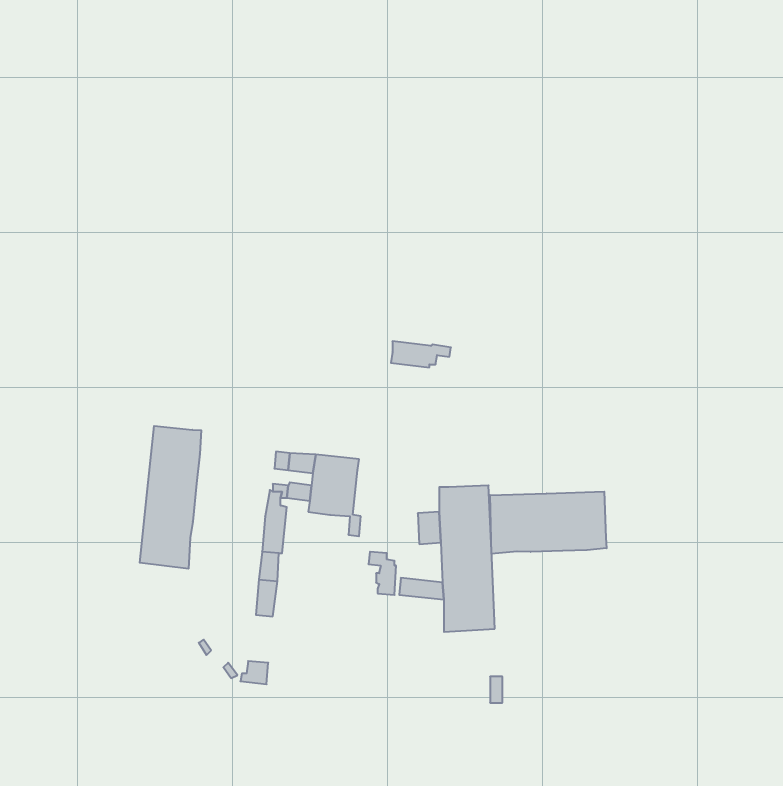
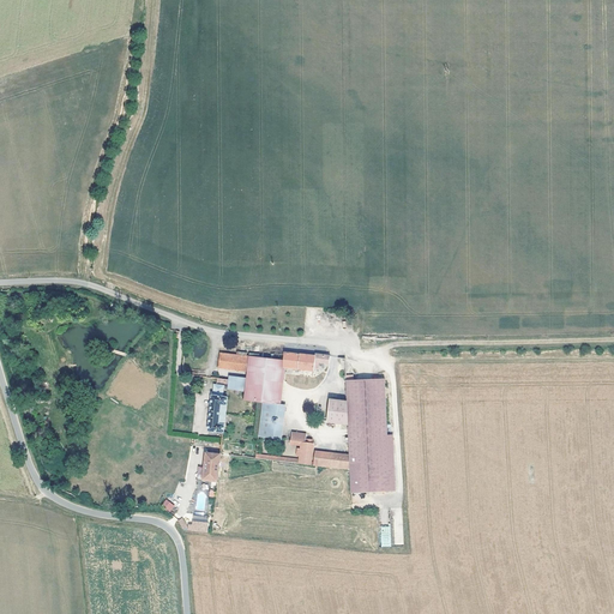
building: [391,341,451,367] -> [282,350,329,371]
building: [140,426,201,569] -> none
building: [490,492,607,554] -> none

